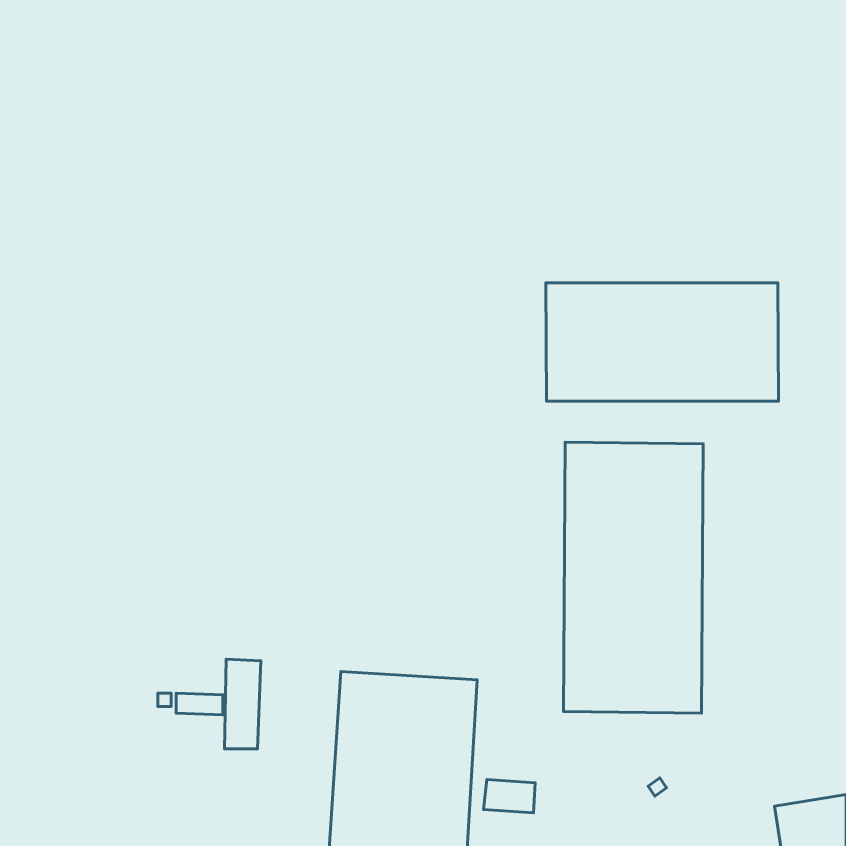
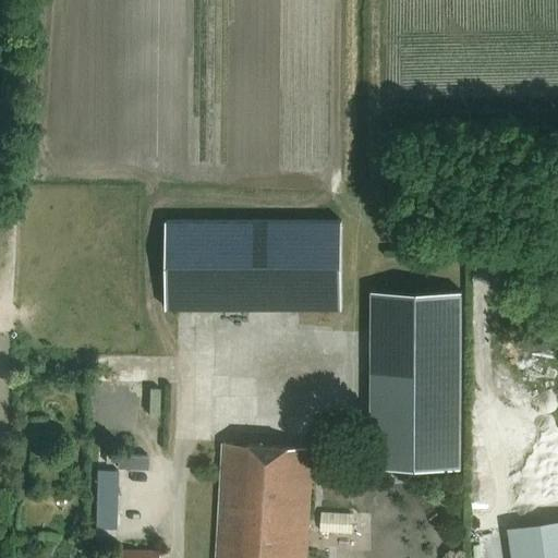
building: [546,283,778,401] -> none
building: none -> [165,222,339,311]
building: [224,659,261,749] -> [93,472,117,531]

